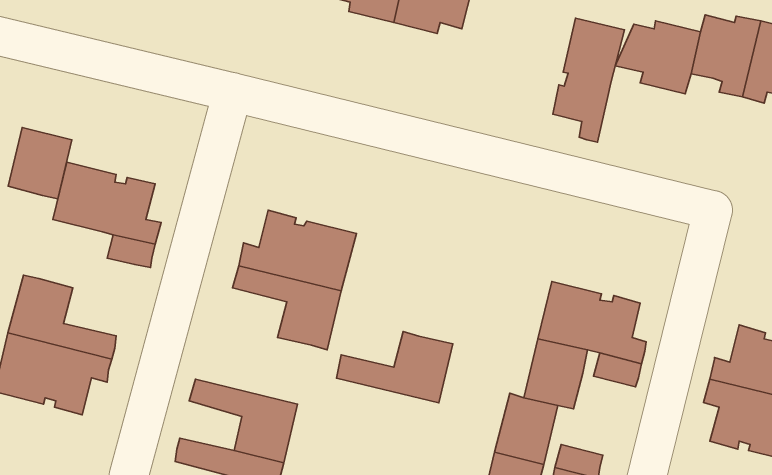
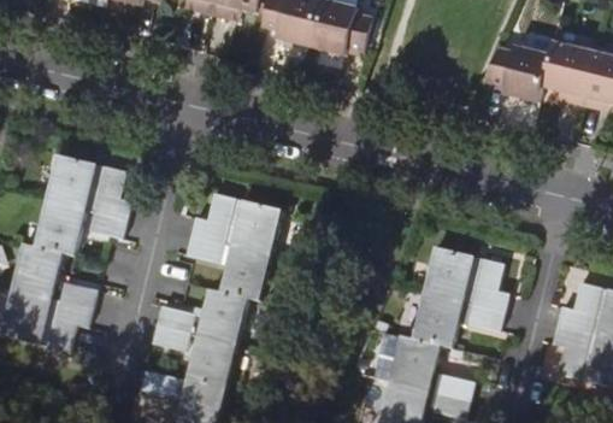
building: [553,18,625,142] -> none
building: [8,127,72,199] -> [35,199,84,254]
building: [337,332,453,403] -> [157,287,247,342]

